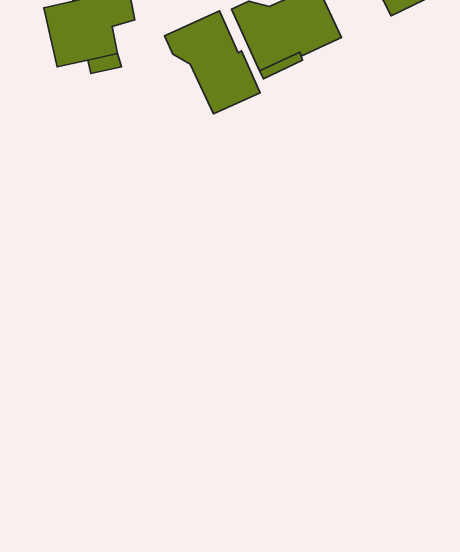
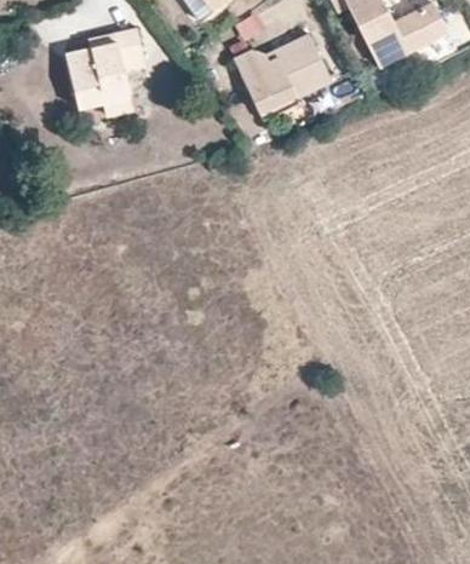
building: [164,11,260,114] -> none

